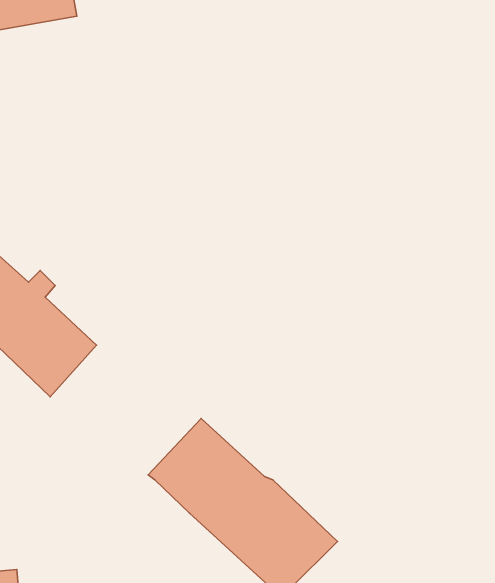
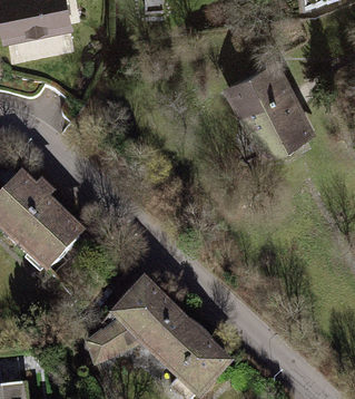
building: none -> [227,61,318,162]
building: none -> [89,329,141,372]

